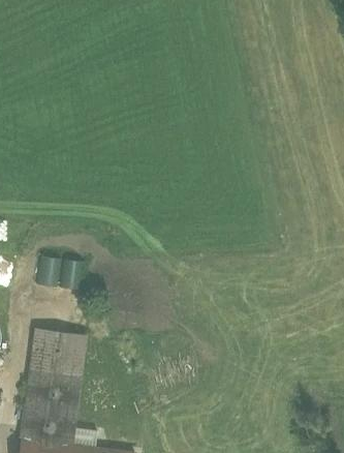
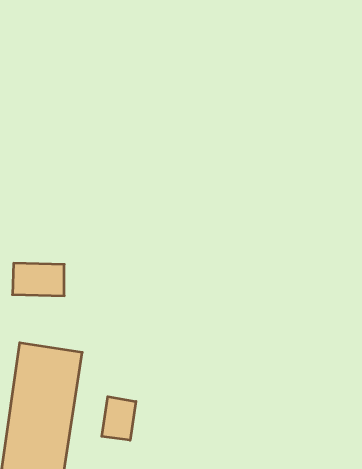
building: none -> [102,397,136,440]

